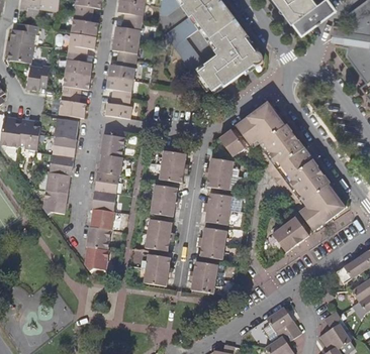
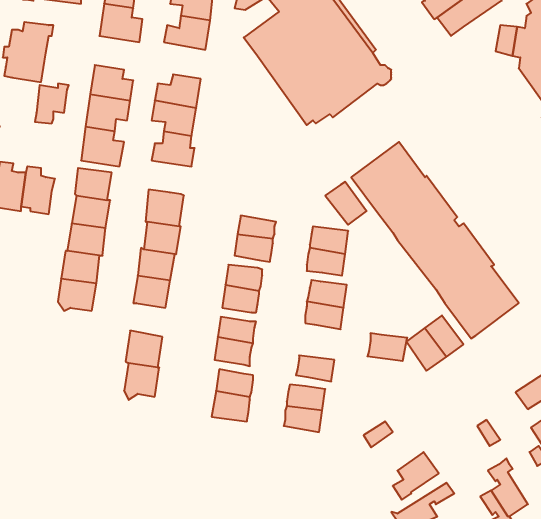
building: [67,33,96,55] -> none
building: [110,37,140,62] -> none
building: [91,209,115,231] -> none
building: [201,228,227,246] -> [367,333,407,361]

